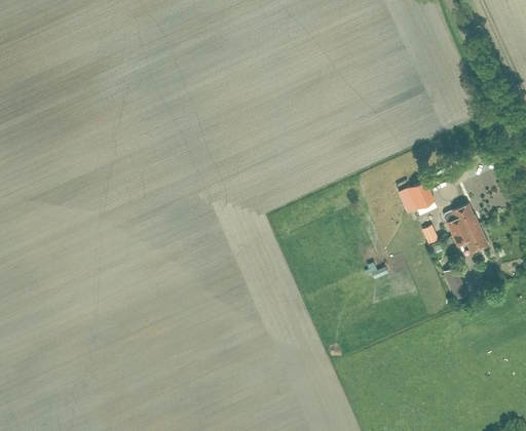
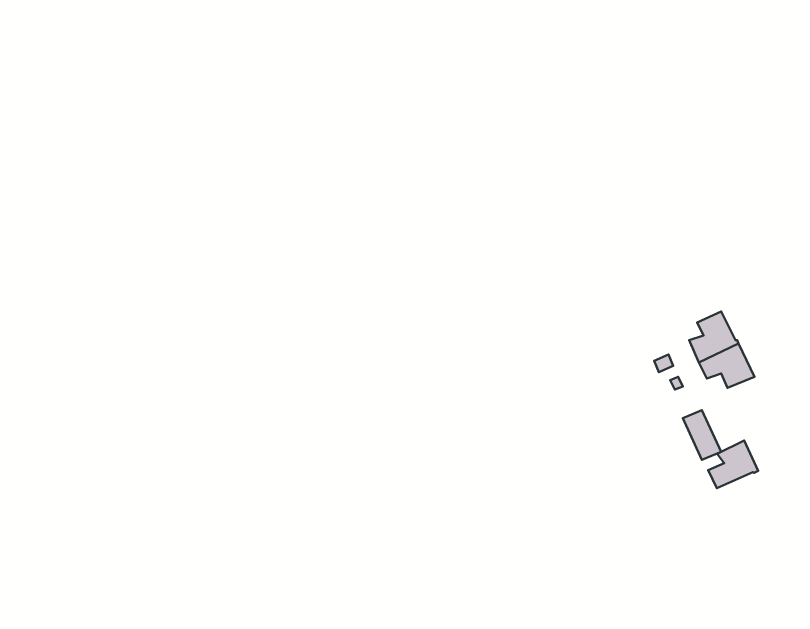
building: [407,181,435,210] -> none
building: none -> [708,440,758,488]

